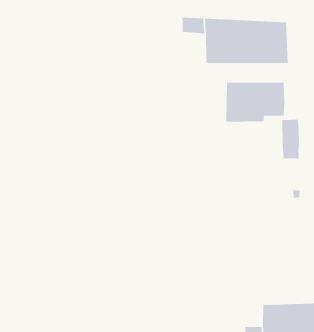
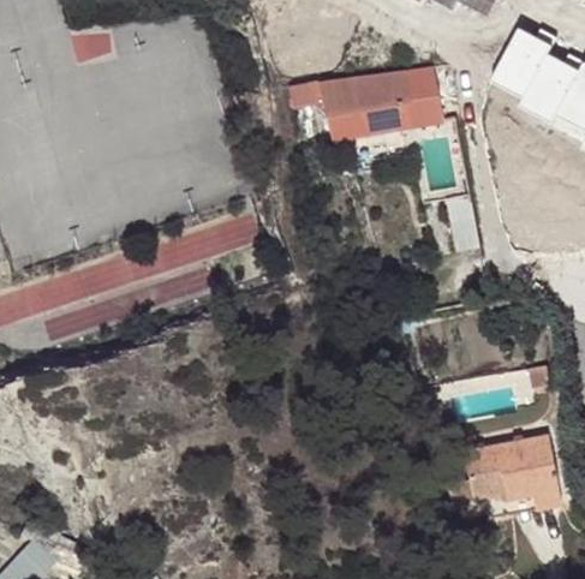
building: [226,82,285,123] -> none

